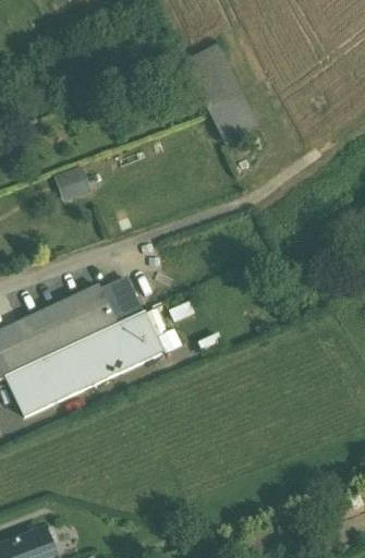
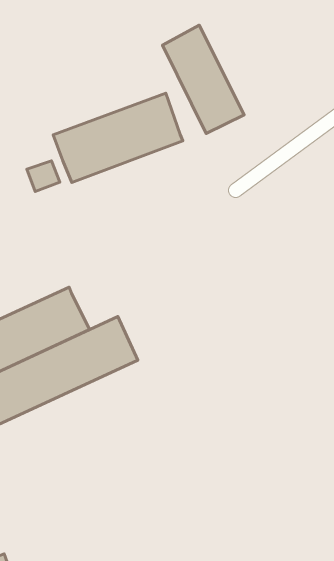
building: none -> [53,93,183,183]
building: [99,279,141,324] -> none

